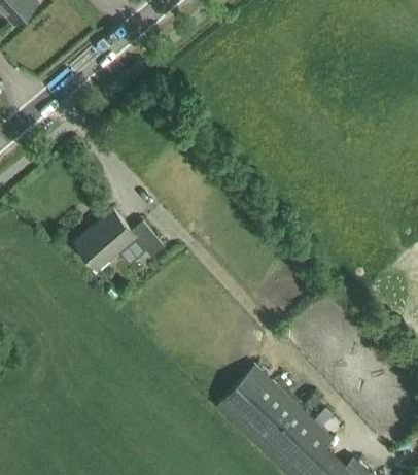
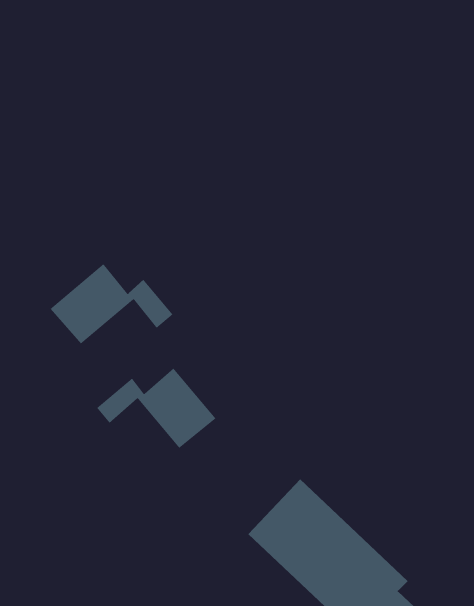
building: none -> [96,368,217,449]

